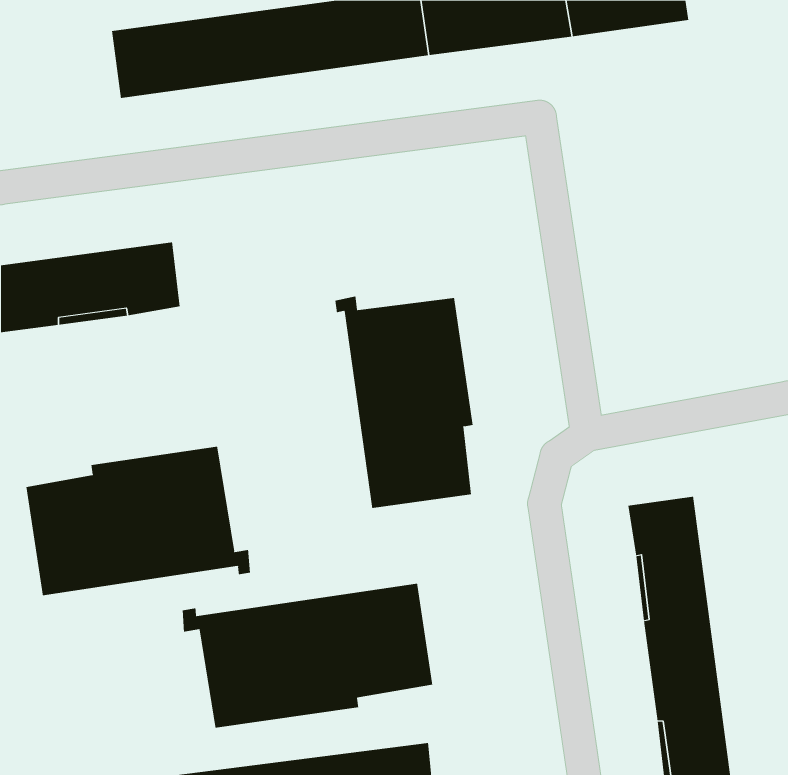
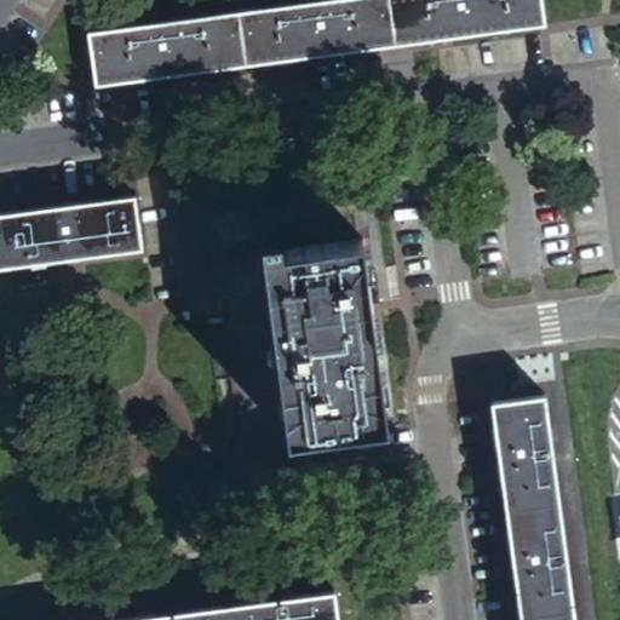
building: none -> [262,254,384,441]
building: [26,446,250,596] -> none
building: [182,583,433,729] -> none

